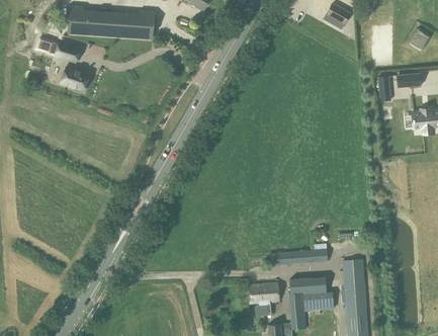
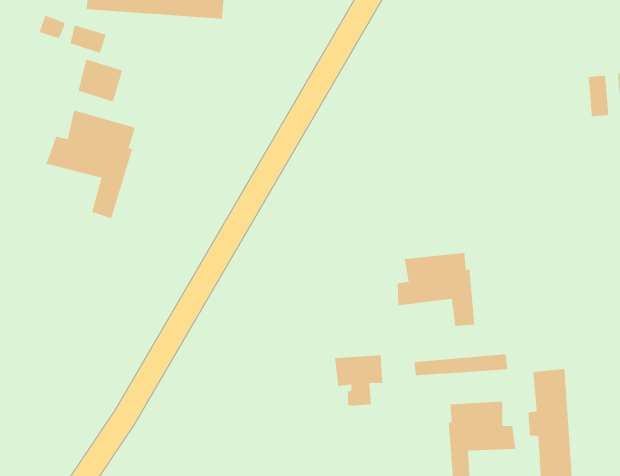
building: none -> [45,109,136,219]
building: none -> [397,252,475,327]
building: [248,282,278,315] -> [334,354,383,406]

